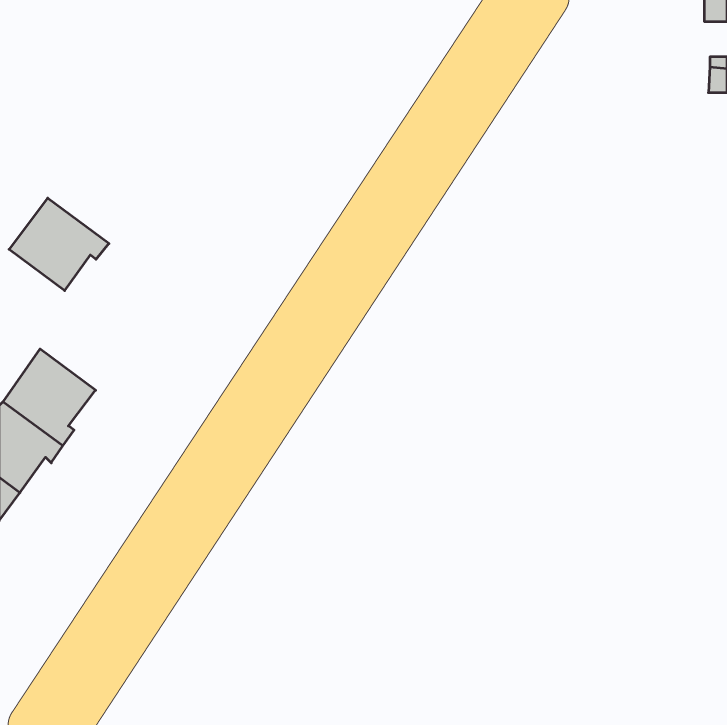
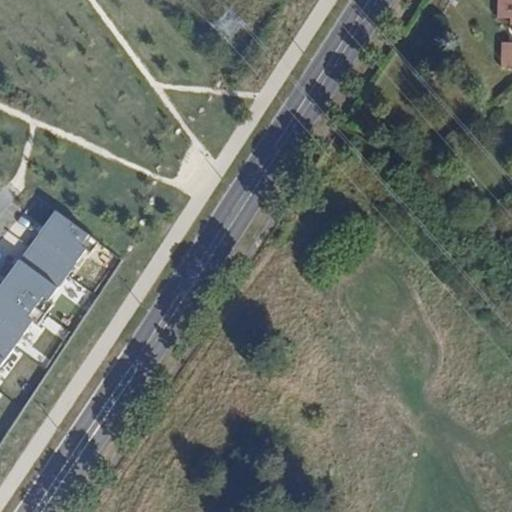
building: [9,198,109,291] -> [28,209,98,274]

